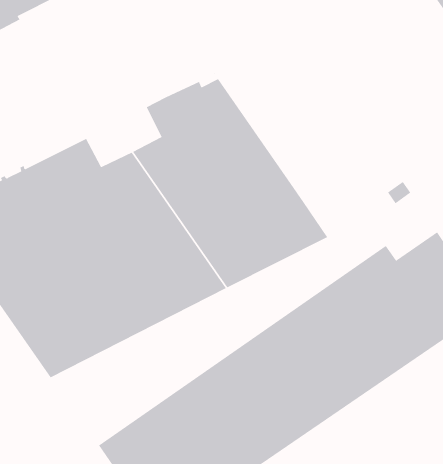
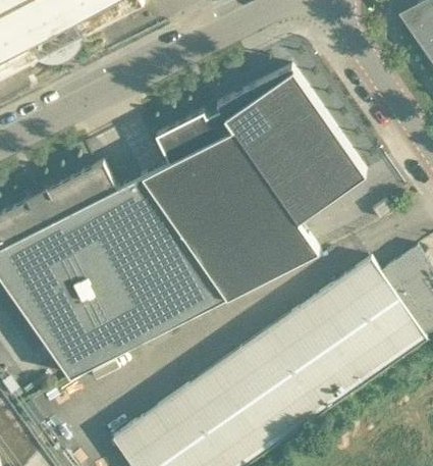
building: none -> [216,67,364,220]

